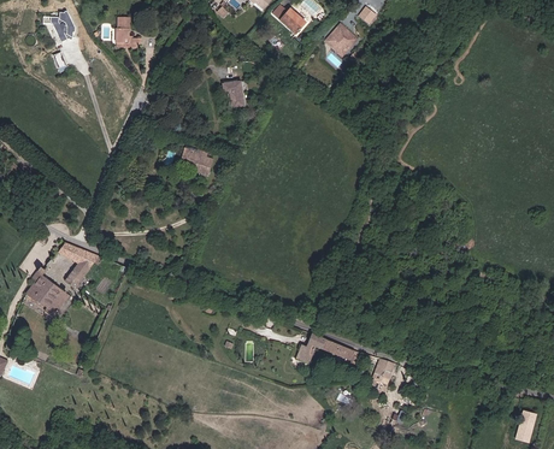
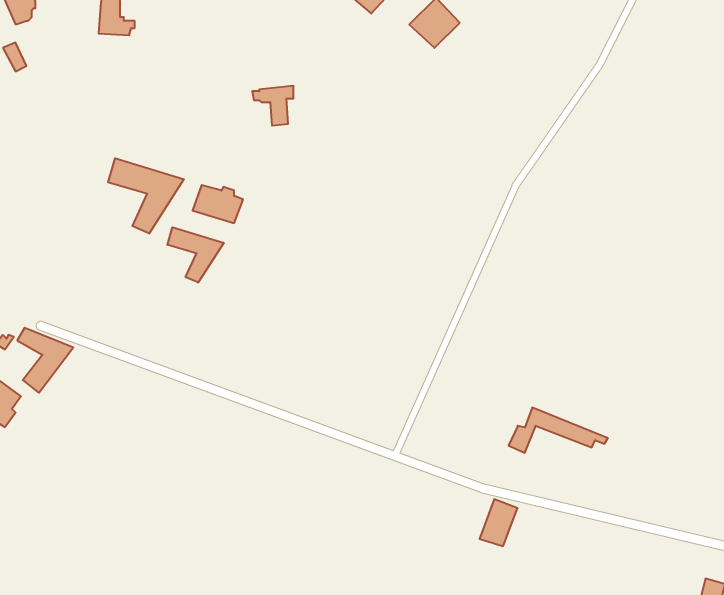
building: none -> [108,158,184,234]
building: none -> [167,227,224,283]
building: [296,332,363,362] -> [509,408,608,453]

